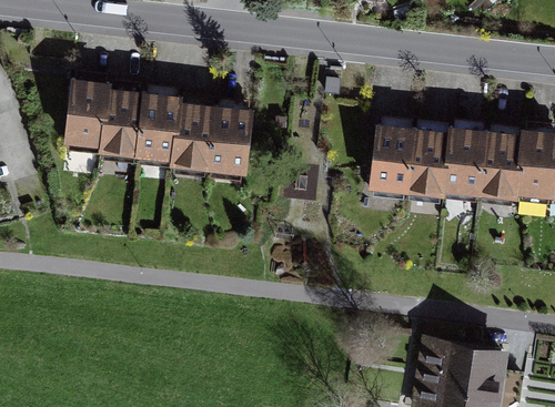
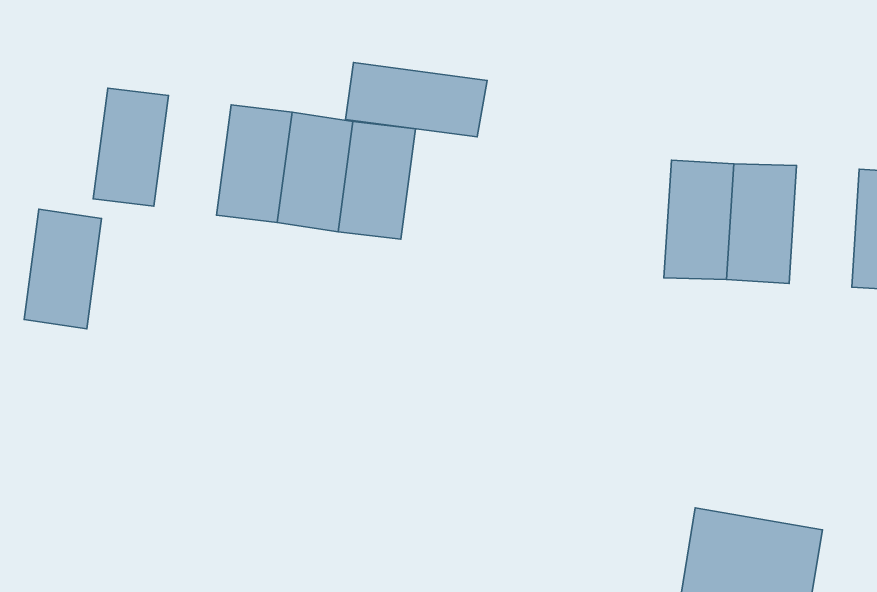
building: none -> [345,63,487,137]
building: [100,87,147,159] -> [24,209,101,329]
building: [370,123,412,196] -> none
building: [483,129,525,202] -> none

